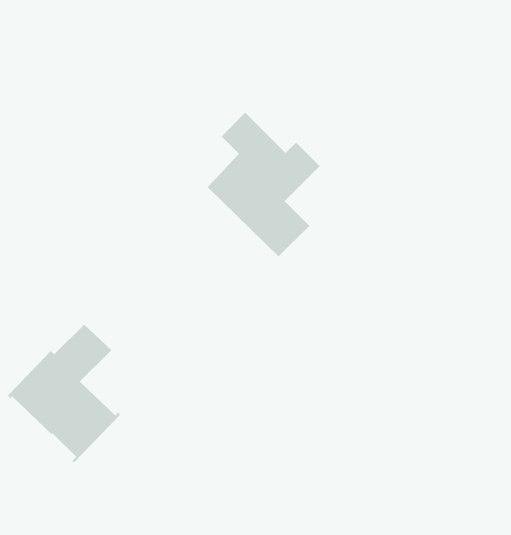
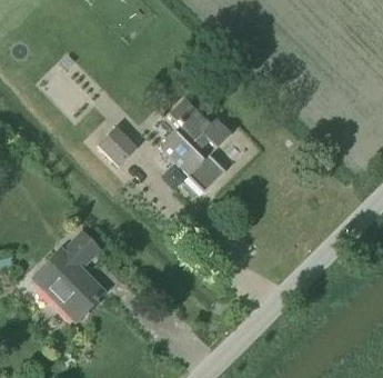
building: none -> [97,127,137,166]

